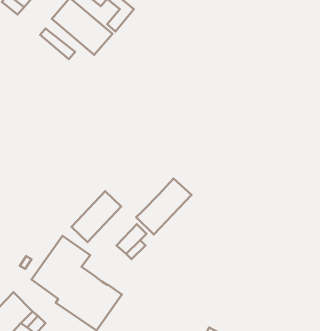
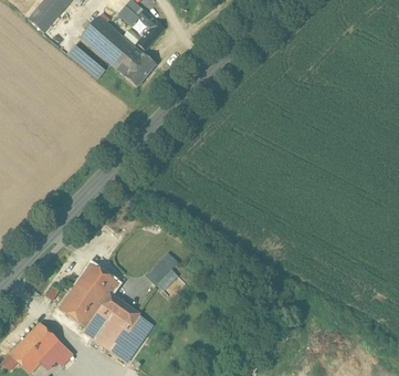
building: none -> [124,53,156,87]
building: [136,179,191,234] -> none
building: [71,191,121,242] -> none

